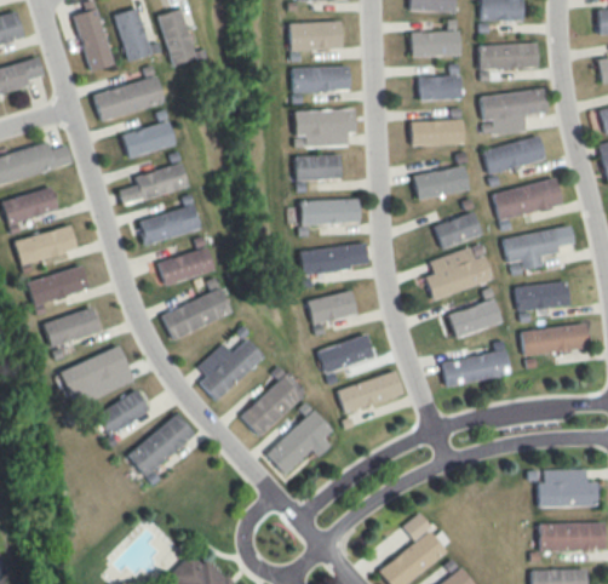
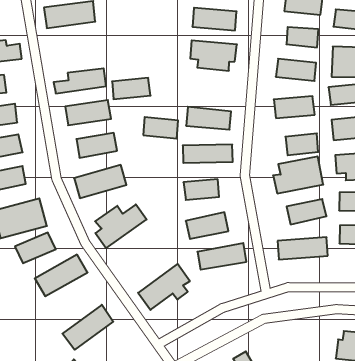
building: [122,122,176,156] -> [112,78,151,99]
building: [296,155,342,181] -> [143,117,178,139]
building: [241,372,306,436] -> [62,305,113,350]

